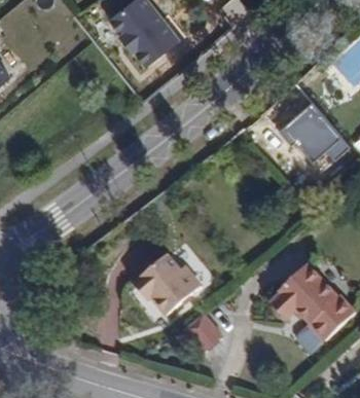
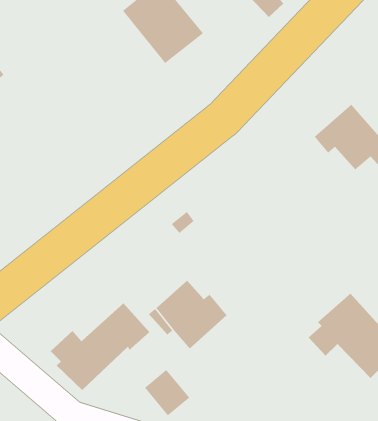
building: none -> [50,302,150,391]
building: [182,312,222,353] -> [144,369,190,416]

